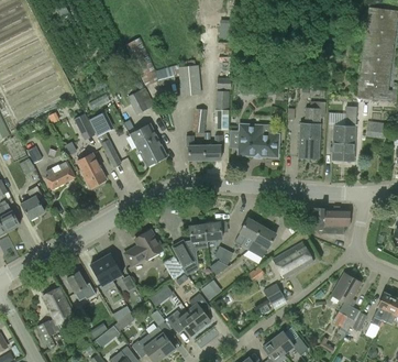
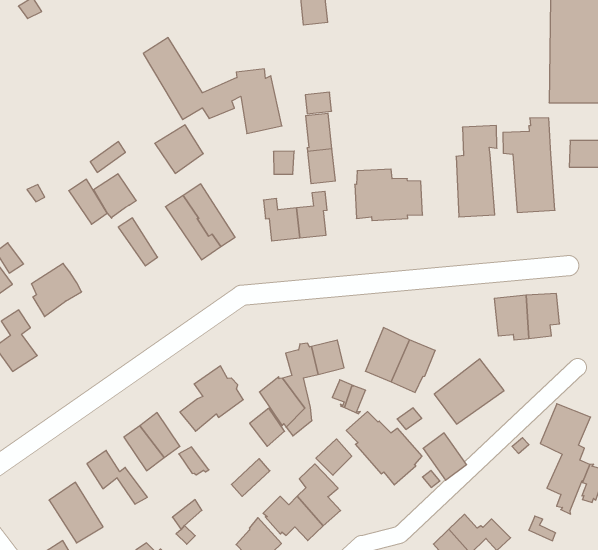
building: [77,154,107,188] -> none
building: none -> [346,412,422,485]

